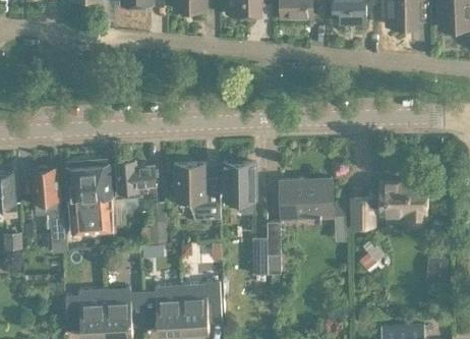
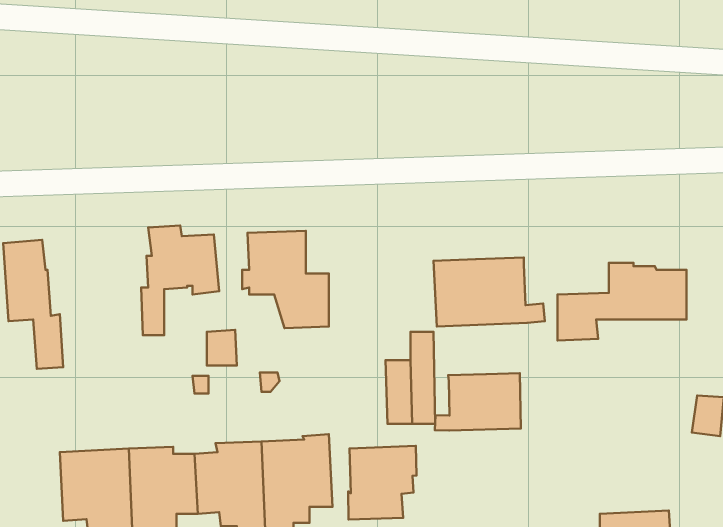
building: [67,164,114,233] -> none
building: [230,164,255,214] -> none
building: none -> [435,373,521,431]
building: none -> [348,446,416,519]

